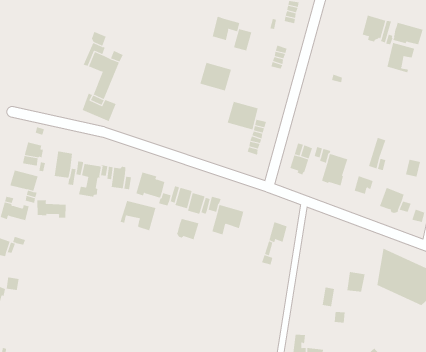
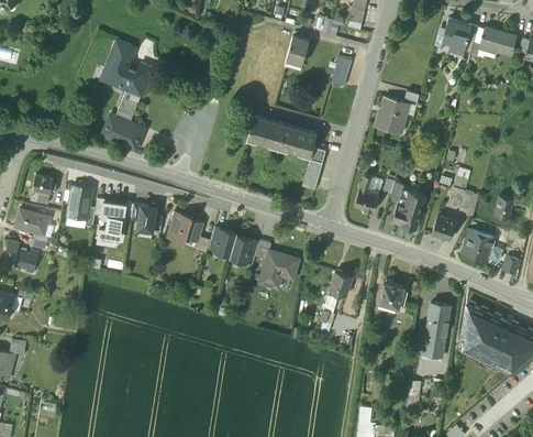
building: [212,16,240,41] -> none
building: [387,42,415,73] -> none
building: [199,62,232,91] -> [246,116,286,151]
building: none -> [375,97,410,134]
building: [37,200,66,219] -> none
building: [120,200,156,231] -> none
building: [176,218,199,240] -> none
building: none -> [378,278,408,307]
building: none -> [426,303,449,335]

